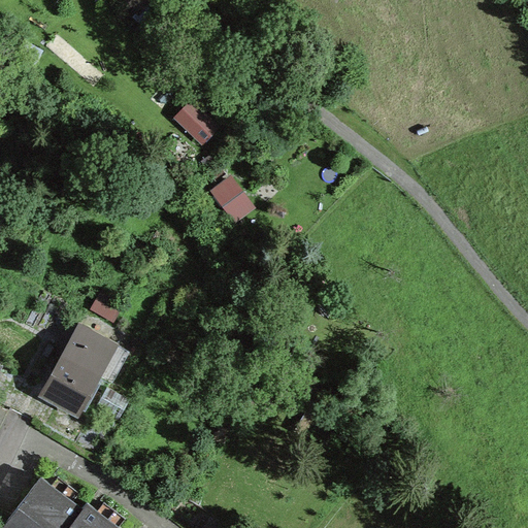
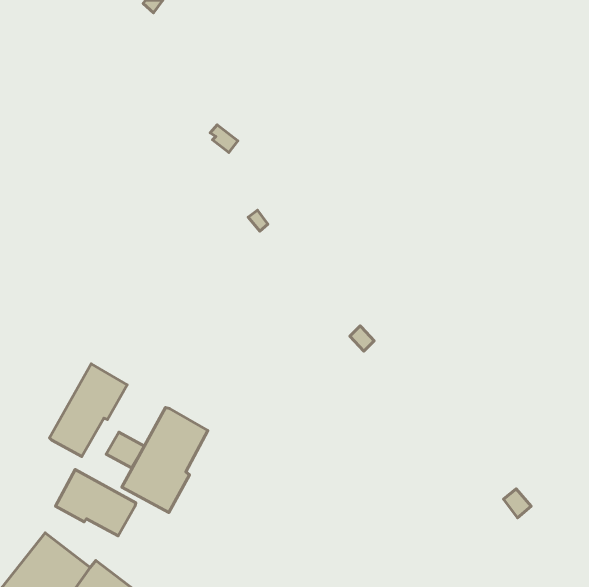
building: none -> [122,407,208,512]
building: none -> [56,469,136,536]

